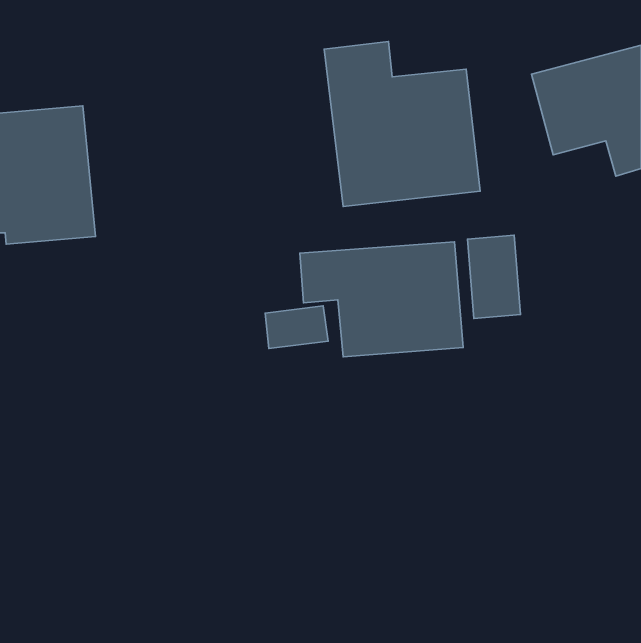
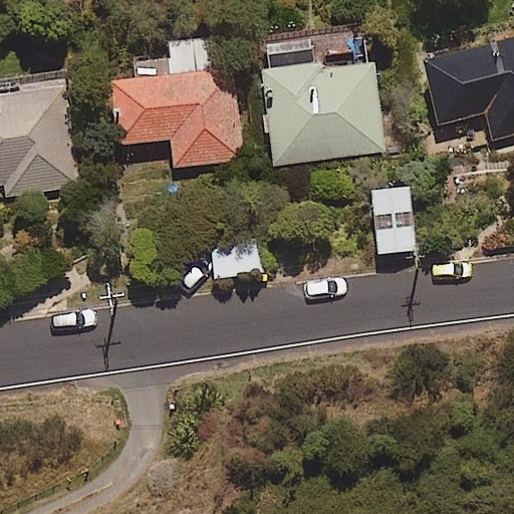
building: none -> [116,38,240,166]
building: [300,242,463,357] -> none

